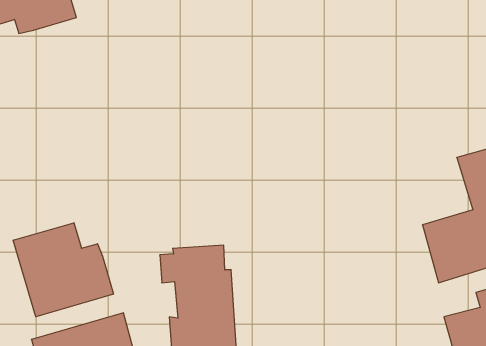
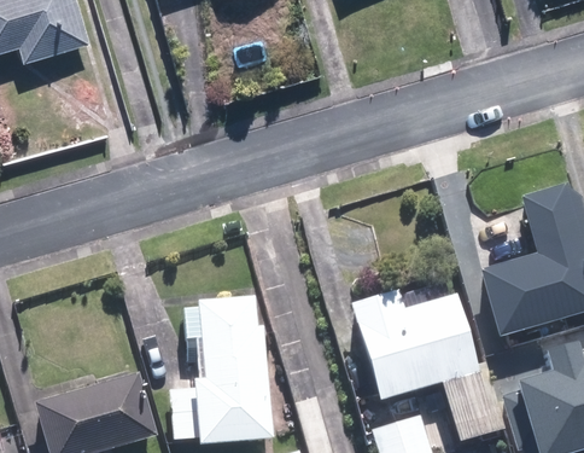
building: [13,223,114,317] -> none
building: none -> [352,291,490,401]

